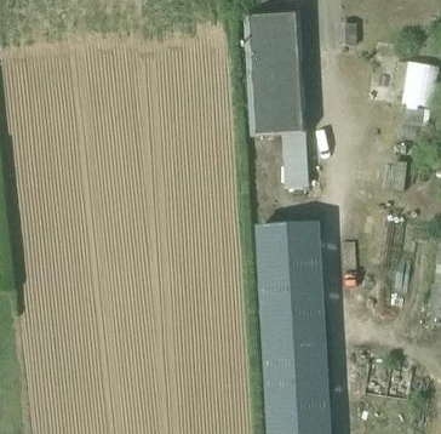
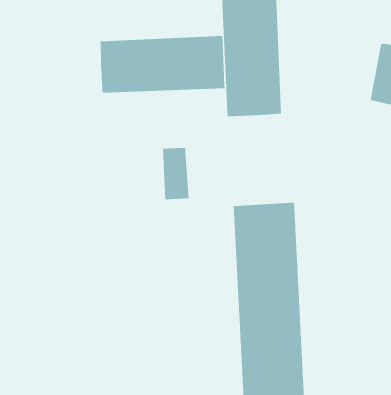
building: none -> [100,35,225,93]
building: [281,133,309,187] -> [162,147,190,200]

